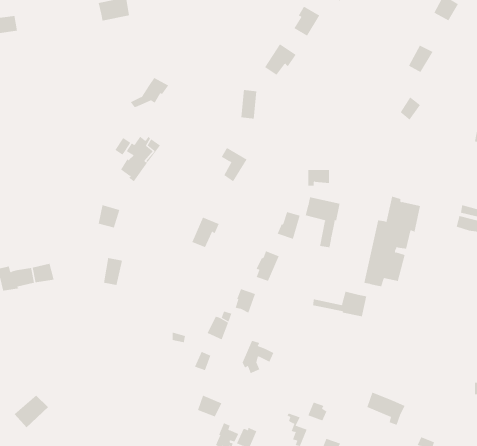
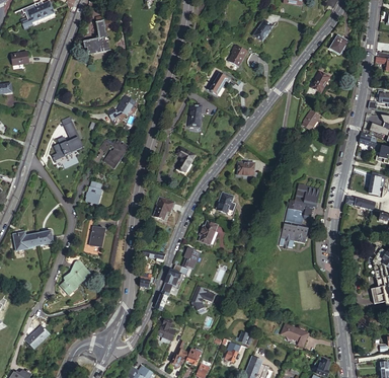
building: none -> [55,121,84,157]
building: [305,196,340,248] -> none
building: [312,291,367,317] -> none
building: none -> [61,260,90,295]

